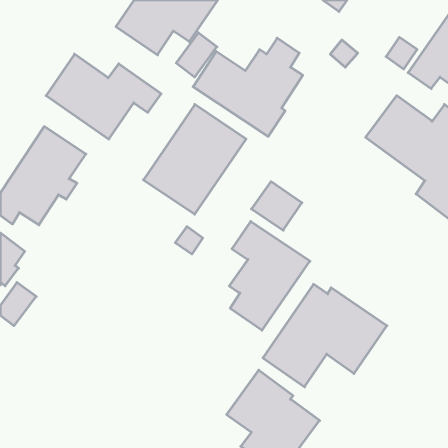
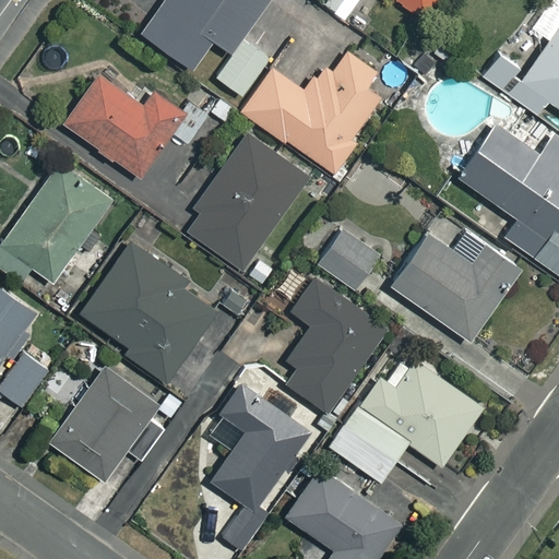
building: none -> [388,231,520,341]
building: none -> [79,240,217,383]
building: none -> [51,369,168,481]
building: none -> [211,382,308,550]

